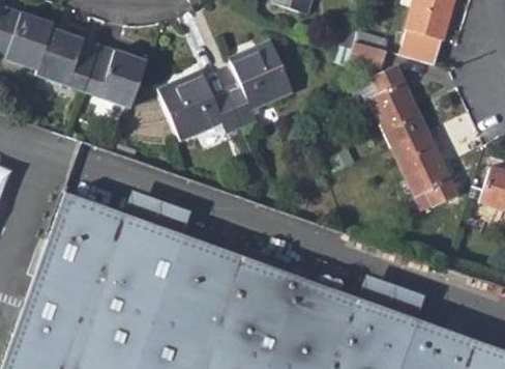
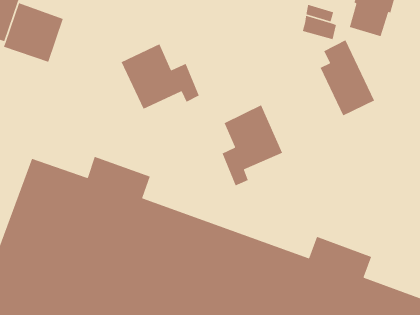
building: [228,40,293,127] -> [221,104,283,186]
building: [83,46,147,109] -> none
building: [393,133,456,206] -> none

